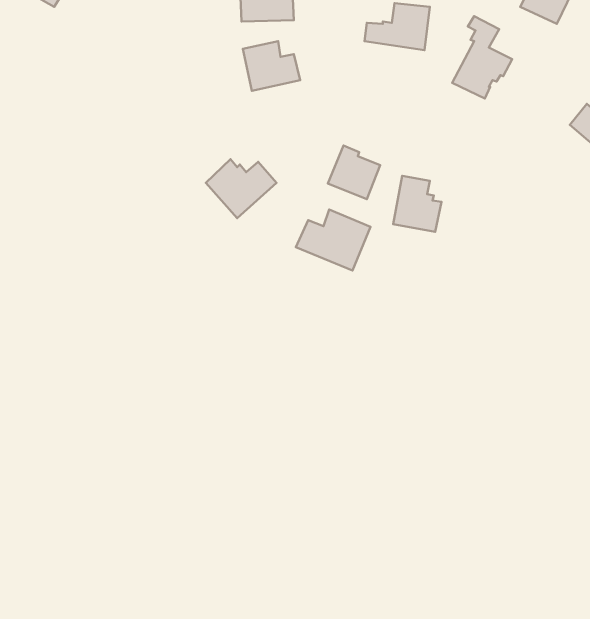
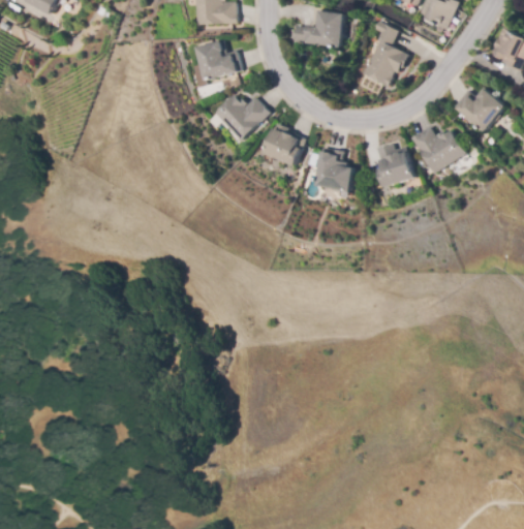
building: none -> [411,126,465,174]
building: [206,159,276,218] -> [214,94,270,141]
building: none -> [376,144,414,187]
building: [296,210,371,270] -> none

